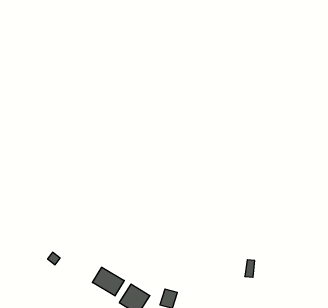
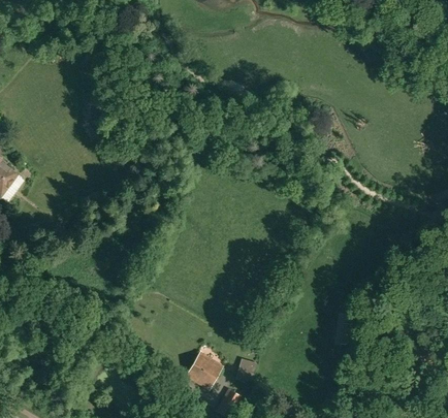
building: [92,267,124,296] -> none

